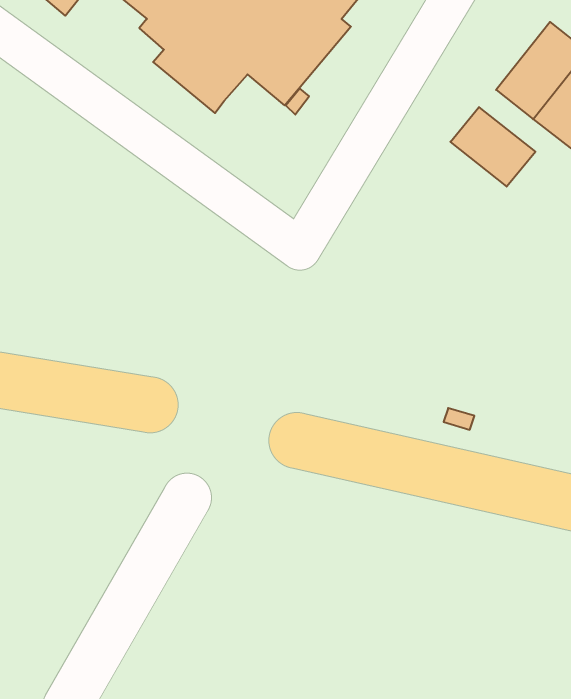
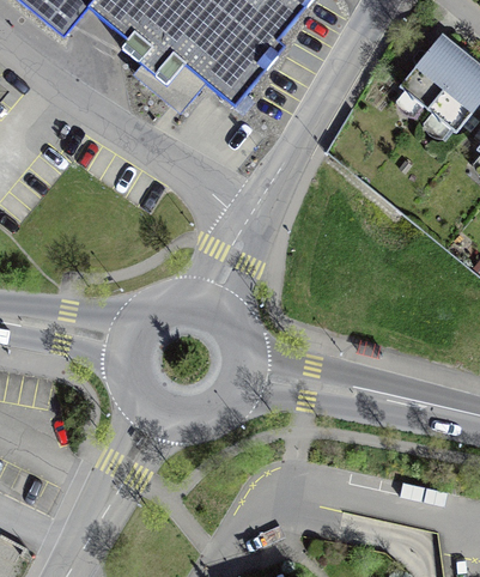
building: [450,107,535,187] -> none

